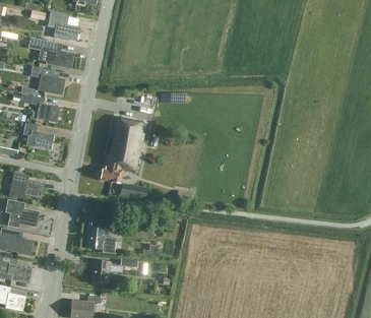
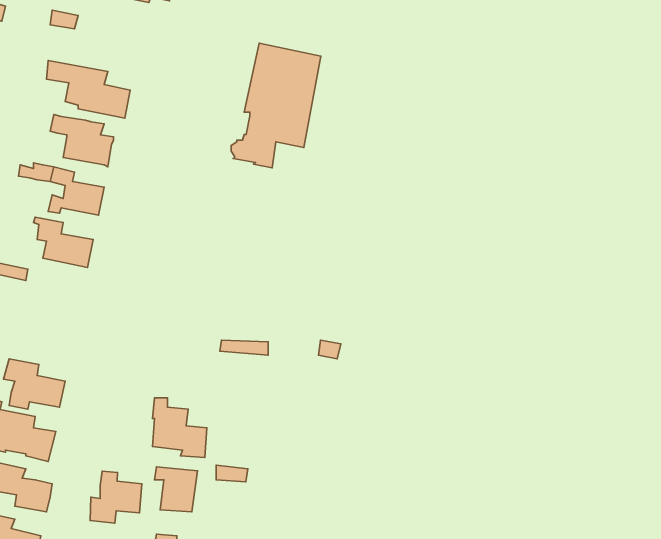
building: [48,12,79,42] -> none
building: [99,116,147,184] -> [231,43,321,168]
building: [9,173,45,199] -> none
building: none -> [90,471,142,523]

